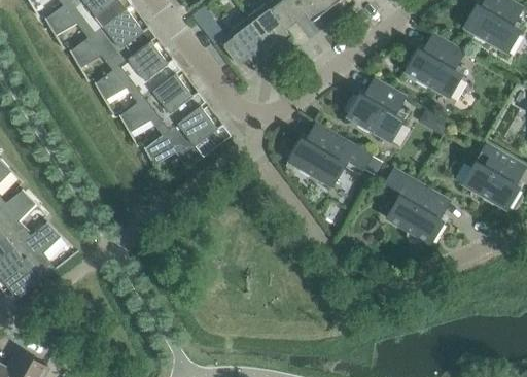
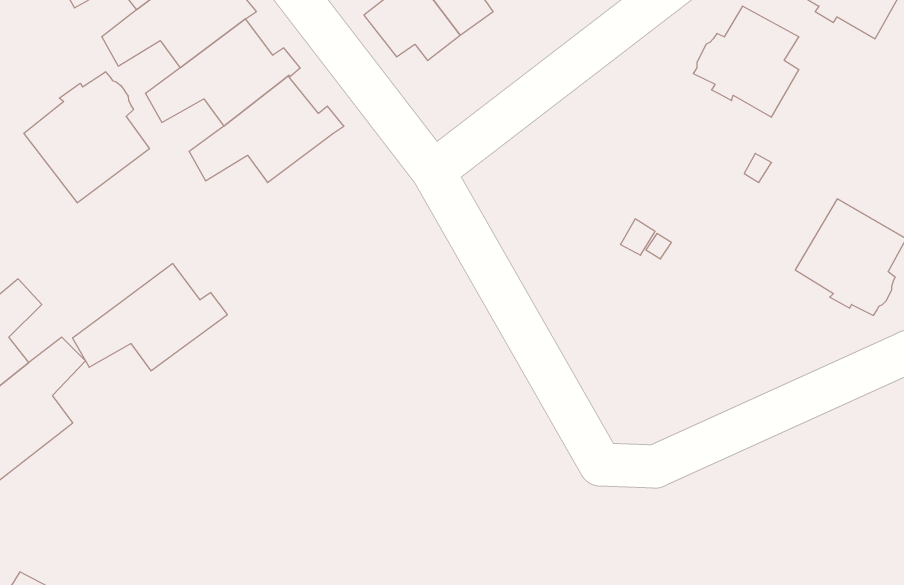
building: none -> [24,72,149,203]
building: [347,78,407,142] -> none
building: [144,106,232,167] -> [73,264,227,371]
building: [288,123,348,186] -> none
building: [382,168,449,244] -> none

